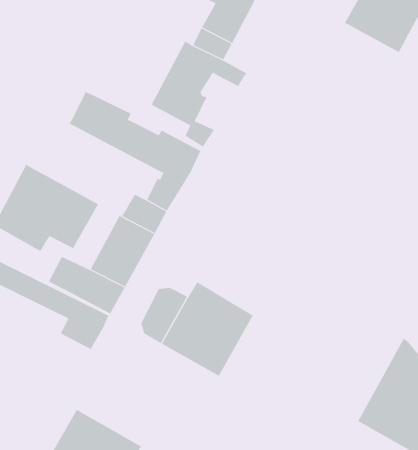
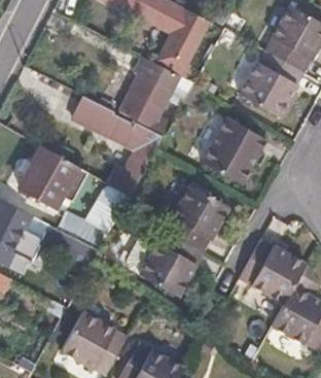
building: none -> [240,47,300,110]
building: none -> [198,114,263,183]
building: none -> [160,182,224,250]
building: none -> [237,237,305,303]

